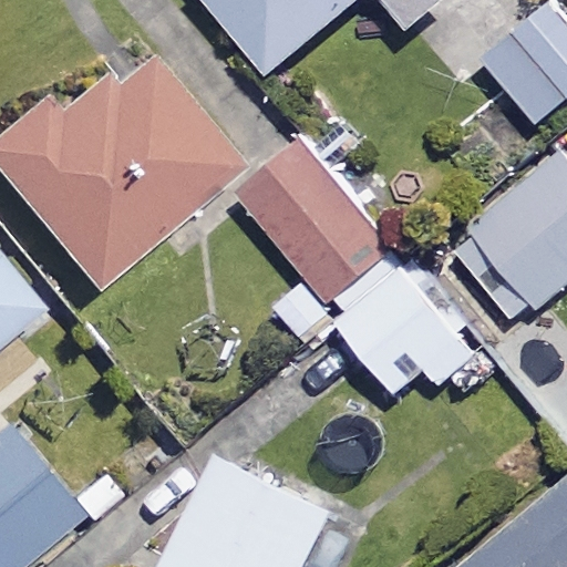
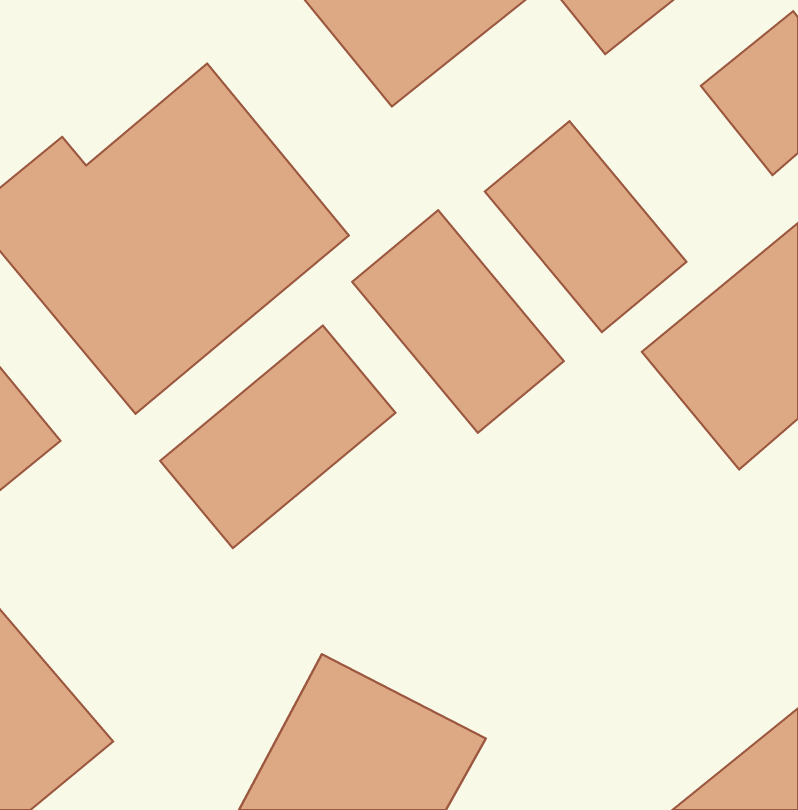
building: none -> [485,121,687,332]
building: none -> [160,326,396,548]
building: [339,265,480,394] -> none

